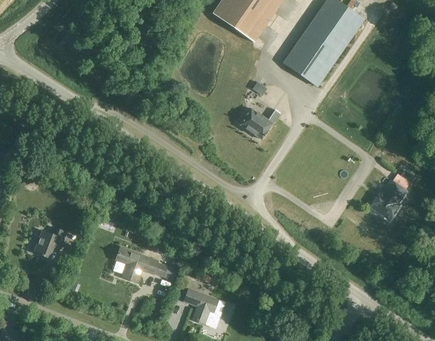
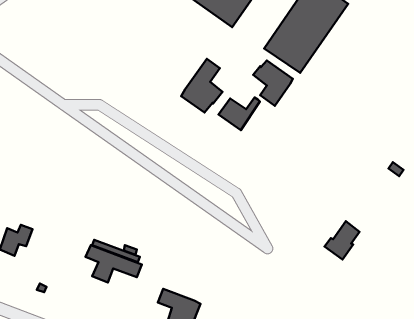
building: none -> [181,59,222,112]
building: none -> [253,60,293,106]
building: [370,183,403,219] -> [325,221,360,259]

